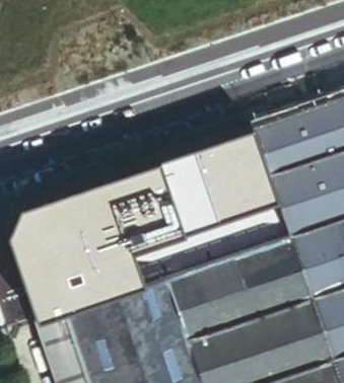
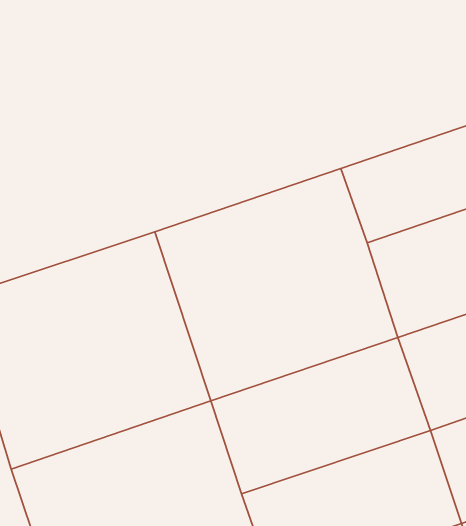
building: [169,243,314,346] -> none

